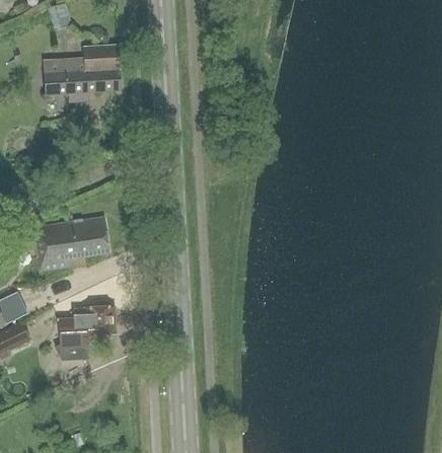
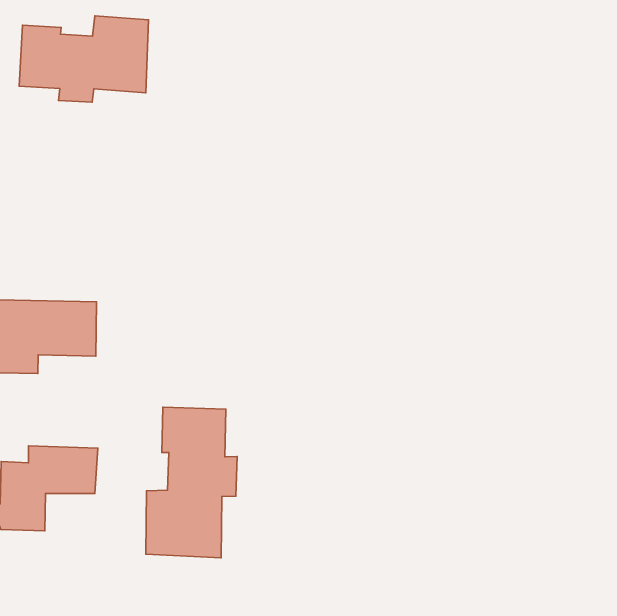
building: none -> [146,407,237,558]

